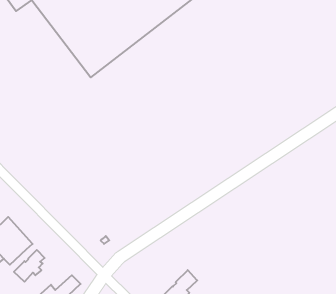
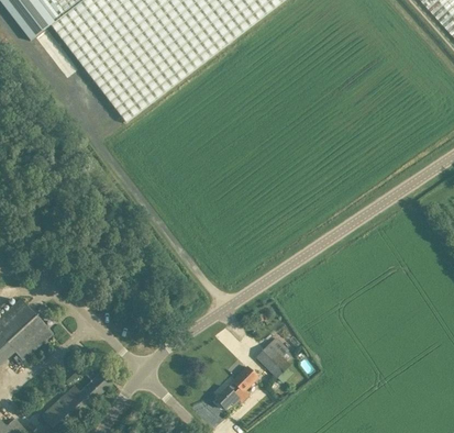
building: none -> [257,335,295,375]
building: [14,250,45,282] -> none

